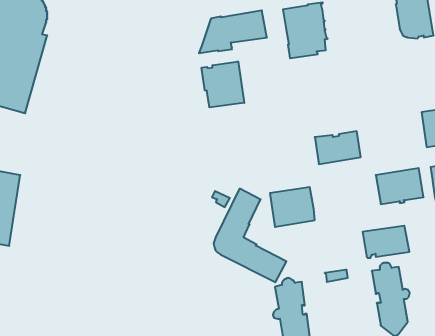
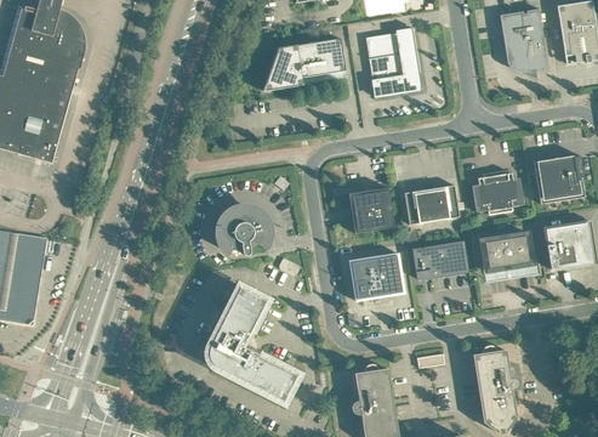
building: [202,61,244,107] -> none
building: none -> [472,170,524,214]
building: none -> [348,186,394,233]
building: none -> [220,208,269,255]
building: [214,189,286,282] -> [209,286,297,401]
building: [363,226,409,258] -> [412,240,469,279]

